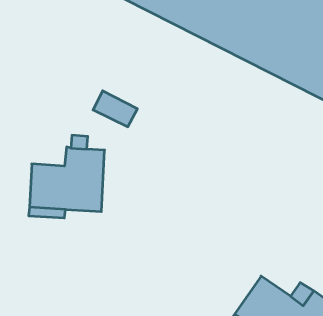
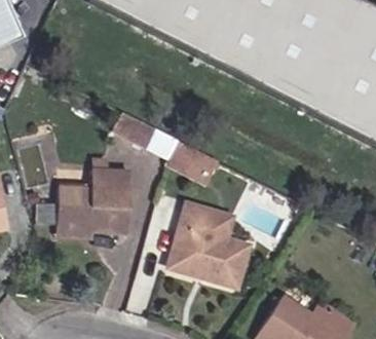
building: none -> [167,141,217,175]
building: none -> [168,200,249,285]

